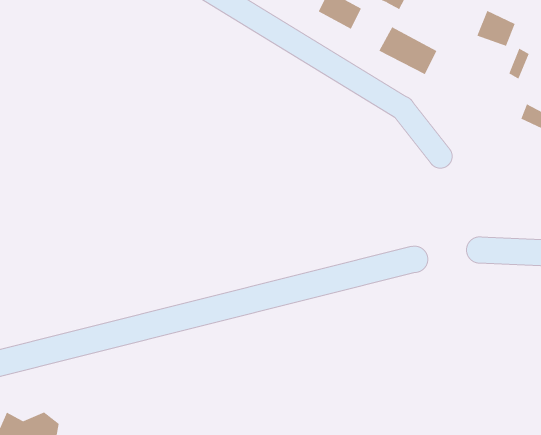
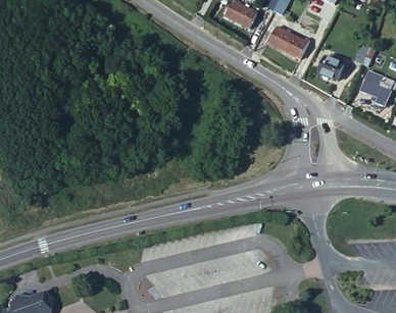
building: [476,10,516,46] -> [317,55,344,80]

